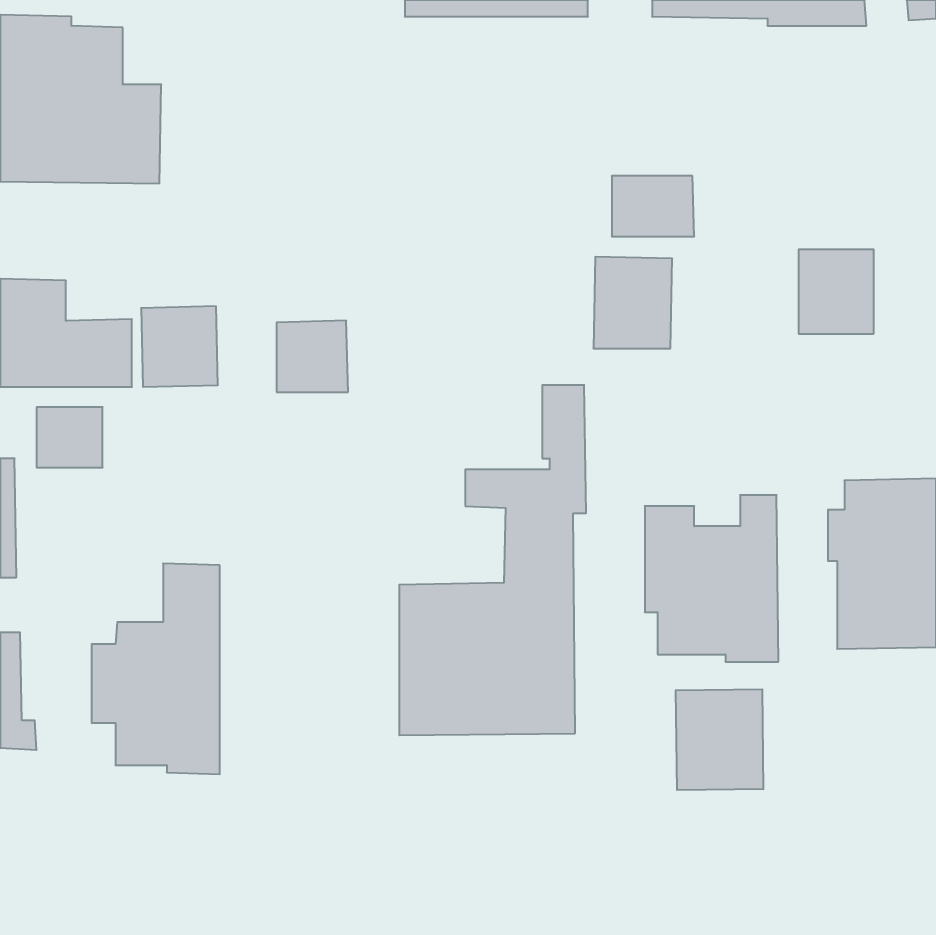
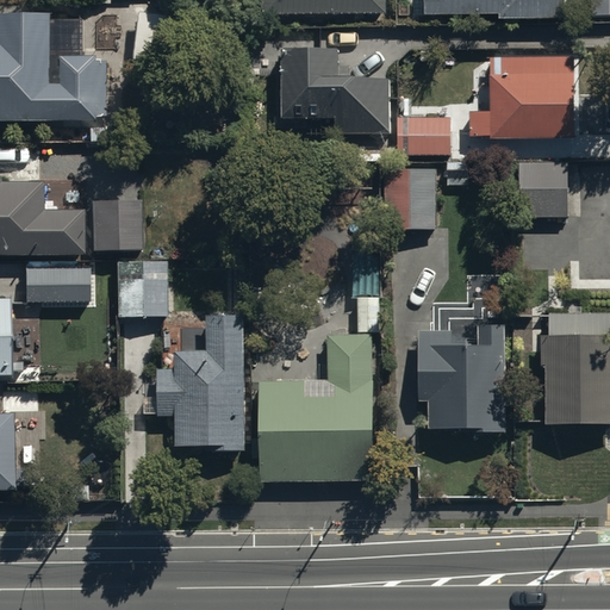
building: none -> [282,49,388,135]
building: none -> [463,51,575,138]
building: [277,321,348,392] -> [122,269,168,316]
building: [92,563,220,774] -> [160,313,243,450]
building: [676,689,763,790] -> none

